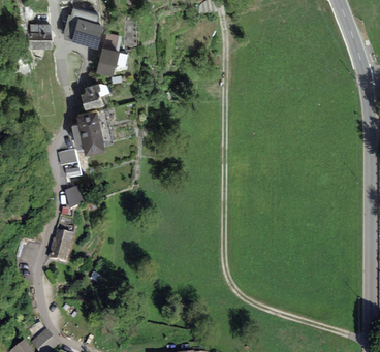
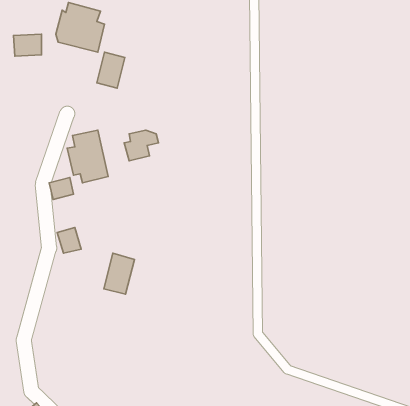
building: [80,79,107,104] -> [124,130,159,161]
building: [49,227,73,260] -> [104,253,135,294]

